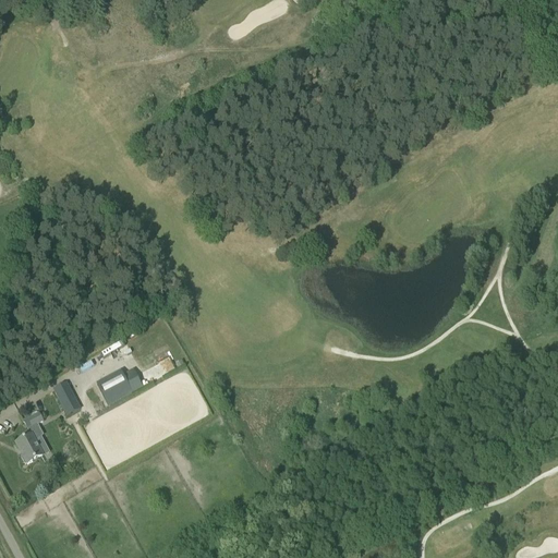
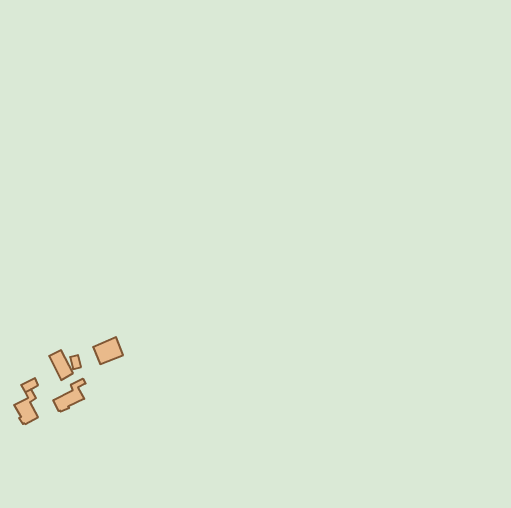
building: none -> [53,379,86,412]

